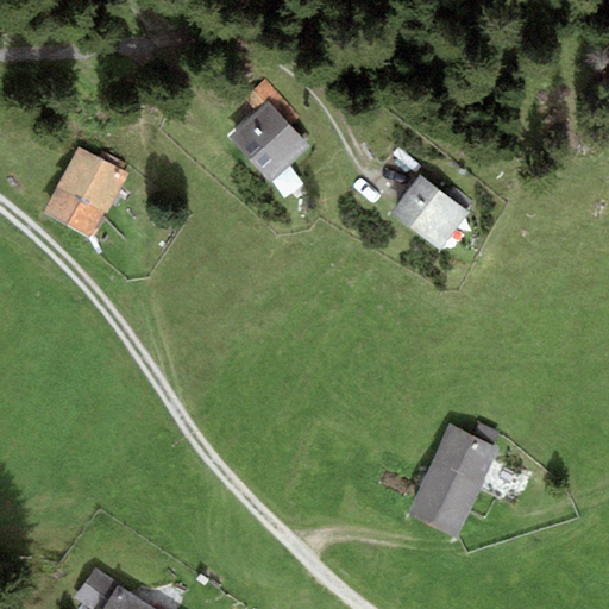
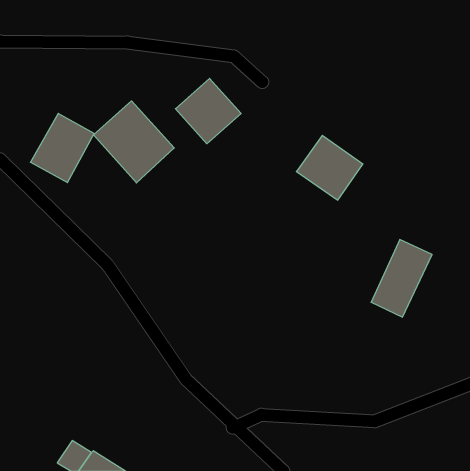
building: none -> [94,101,174,183]
building: [417,432,496,532] -> [371,240,432,317]

